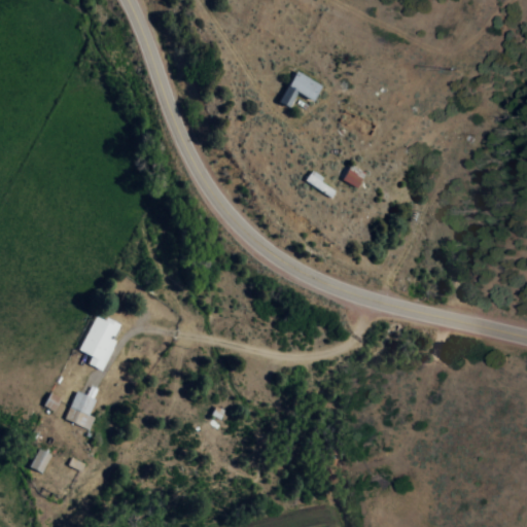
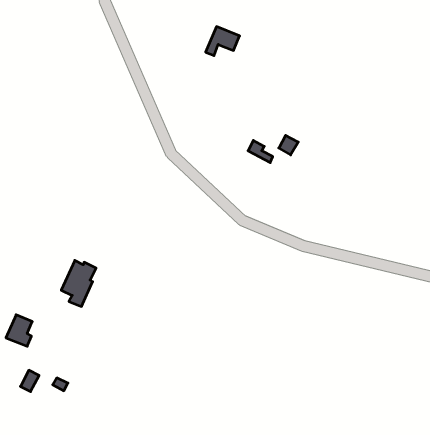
building: [281,72,322,107] -> [206,27,240,56]
building: [65,391,97,429] -> [6,315,32,346]

